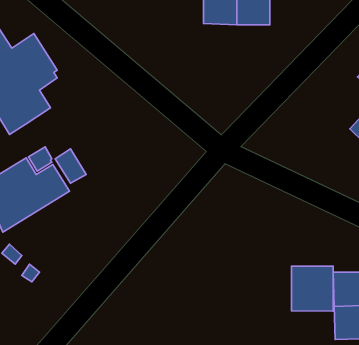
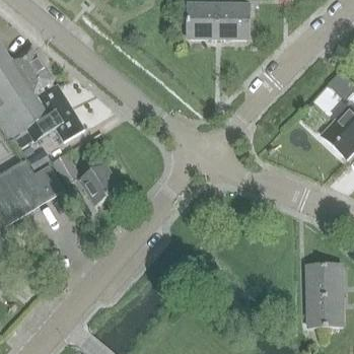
building: none -> [24,84,84,141]
building: none -> [79,163,122,205]
building: [291,266,333,311] -> none

